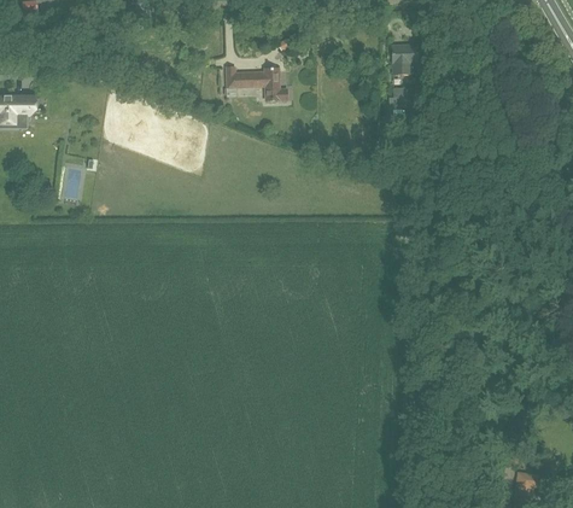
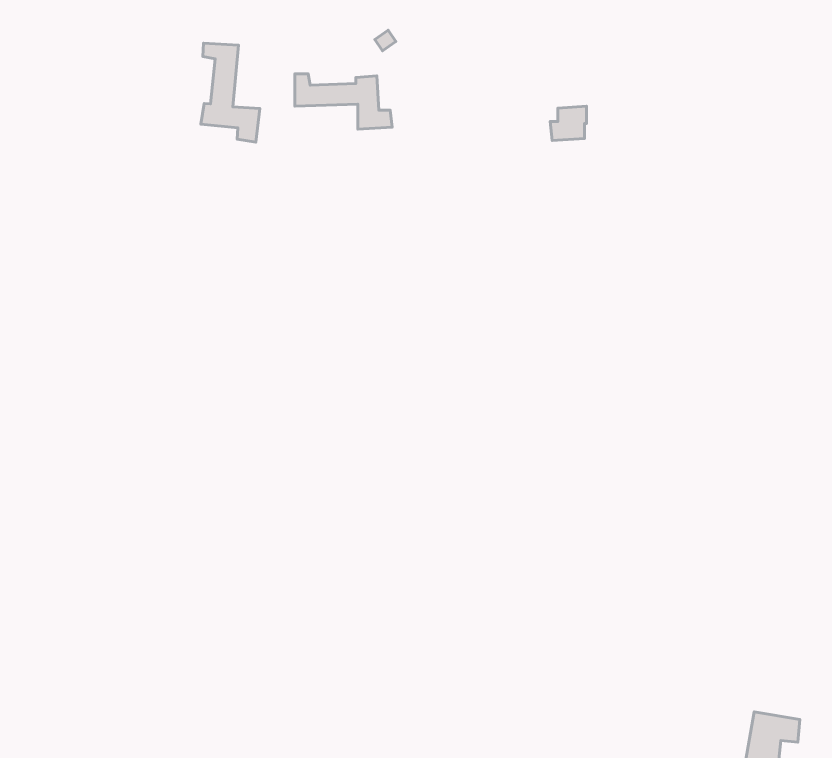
building: [392,42,419,72] -> none
building: none -> [201,43,260,142]

